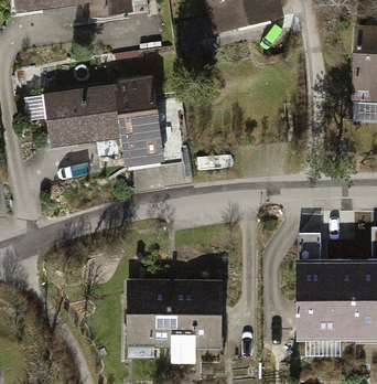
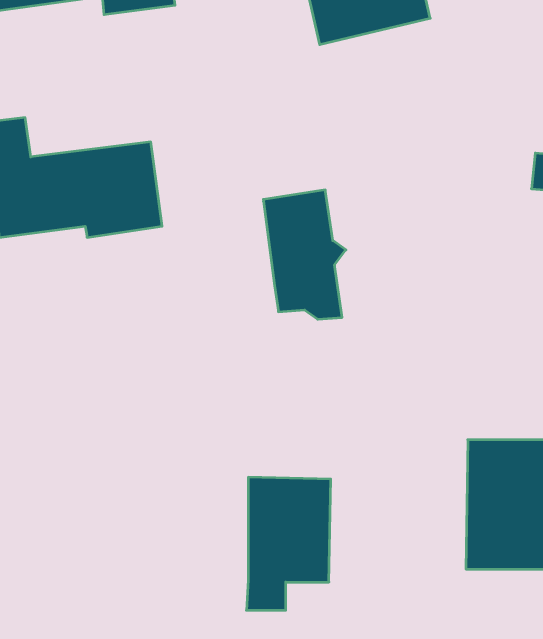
building: [116,79,164,156] -> [263,190,346,319]
building: [128,284,173,344] -> none

